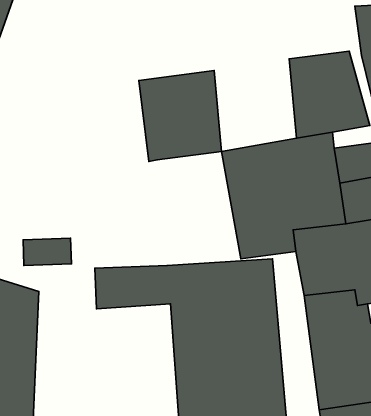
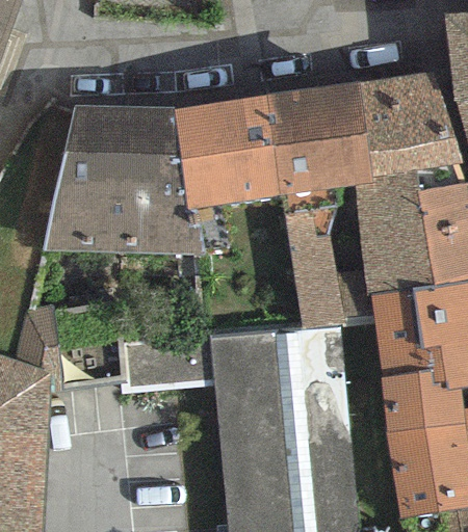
building: none -> [268,80,371,195]
building: none -> [42,106,202,254]

